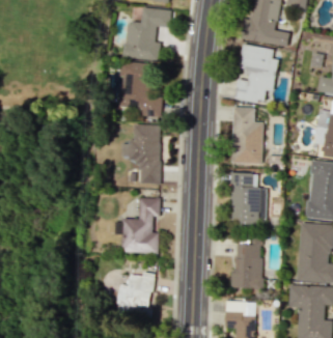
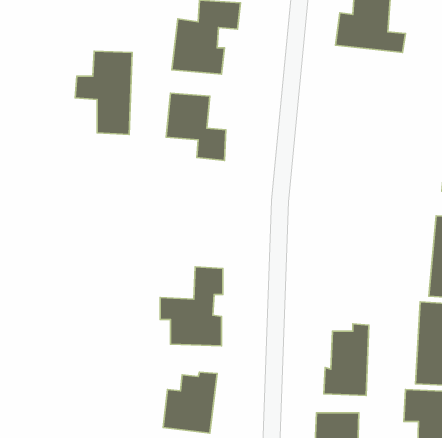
building: [234,44,278,104] -> none
building: [231,107,263,164] -> none
building: [121,123,162,182] -> [75,51,132,134]
building: [228,172,267,225] -> none

